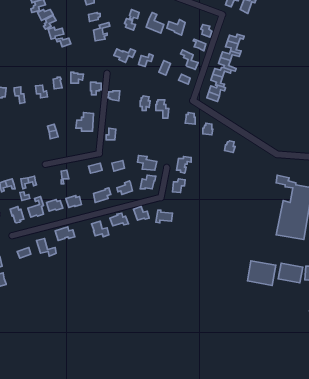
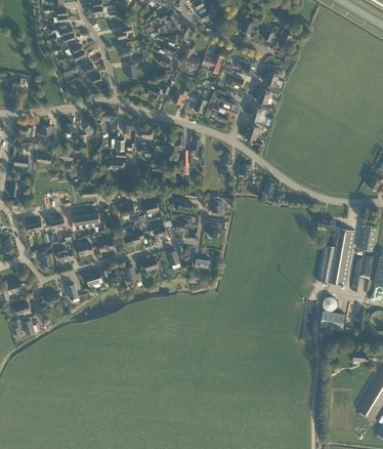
building: [247,261,276,285] -> none

